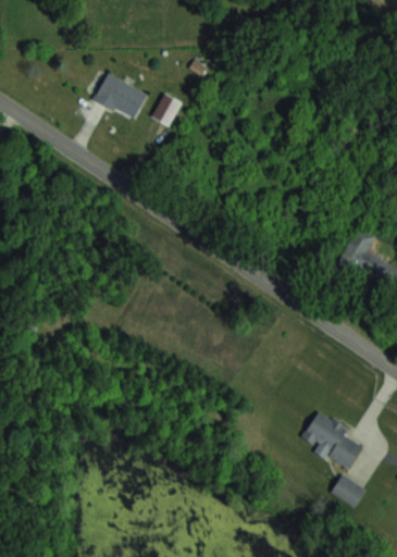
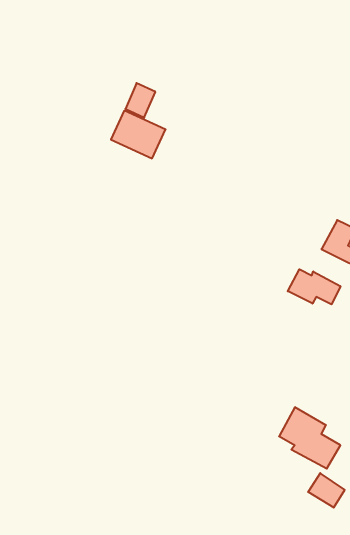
building: [92,74,146,121] -> [111,111,166,158]
building: none -> [288,269,340,304]

